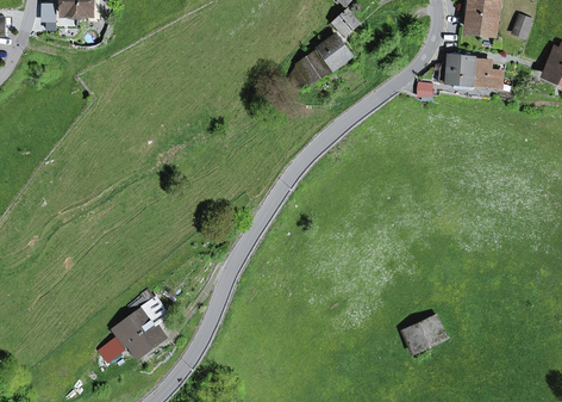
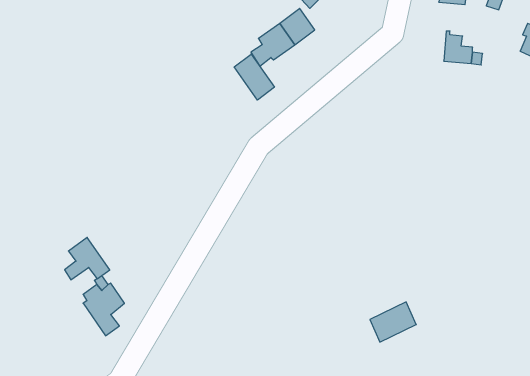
building: [441,55,475,86] -> none
building: none -> [234,54,274,100]
building: [108,316,151,357] -> [65,237,110,280]

